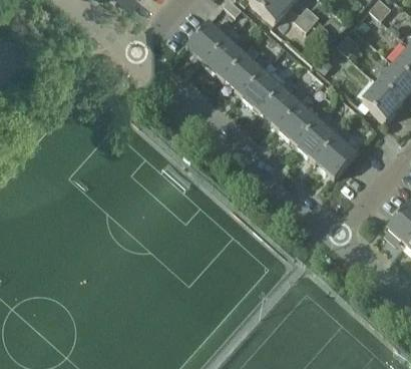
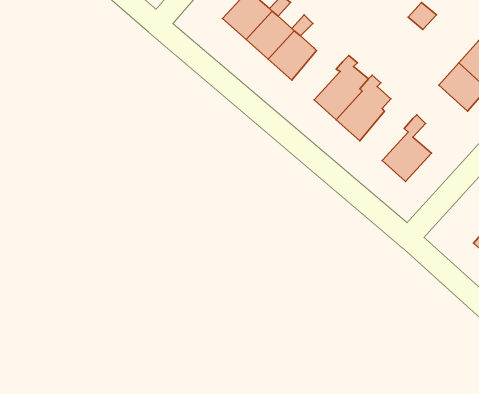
building: [241,60,282,112] -> none
building: [296,108,339,161] -> none

